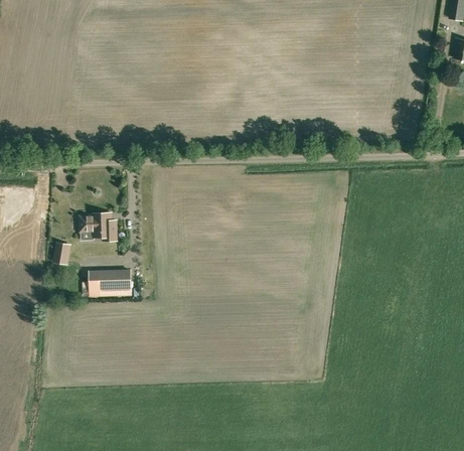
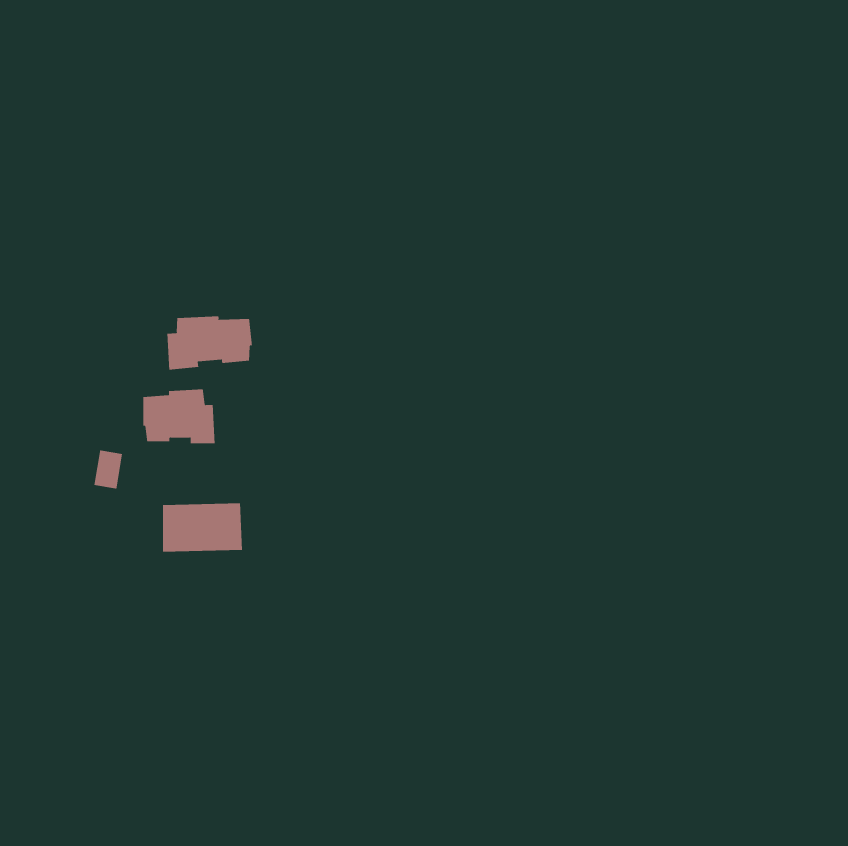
building: none -> [167,315,252,370]

